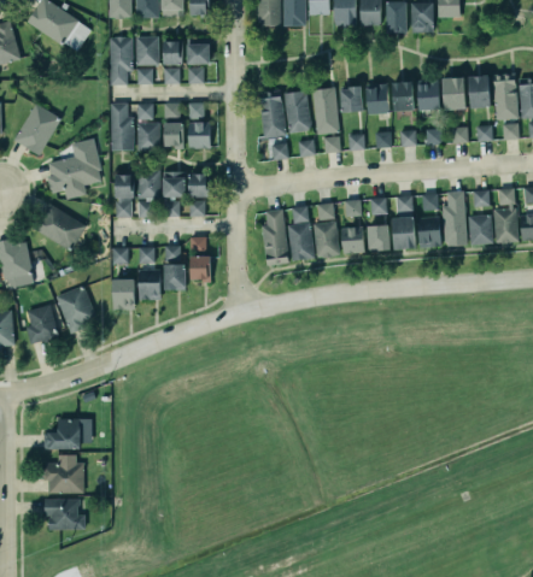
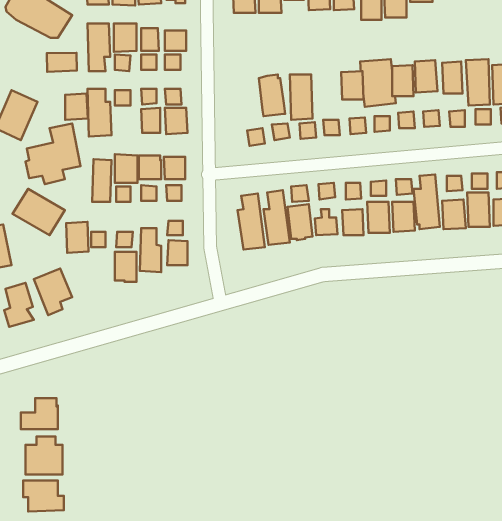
building: none -> [47,53,77,72]
building: [339,84,362,111] -> none
building: [257,90,287,139] -> none
building: [137,123,160,149] -> [65,94,88,120]
building: [112,279,135,311] -> [66,222,89,253]

